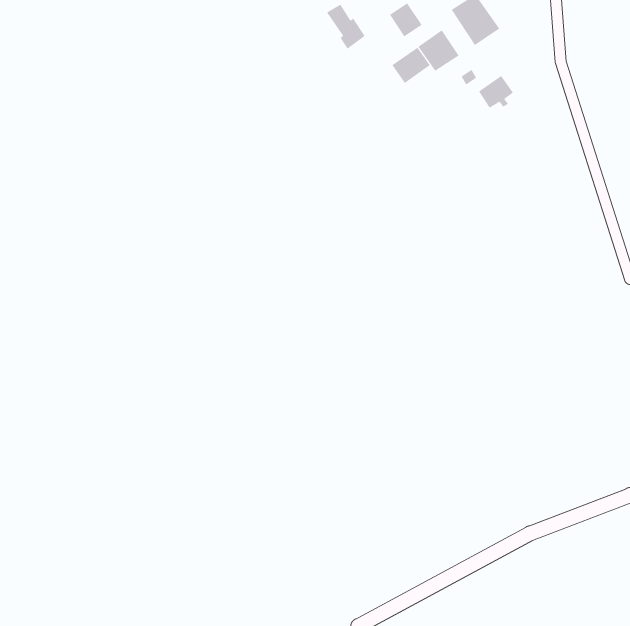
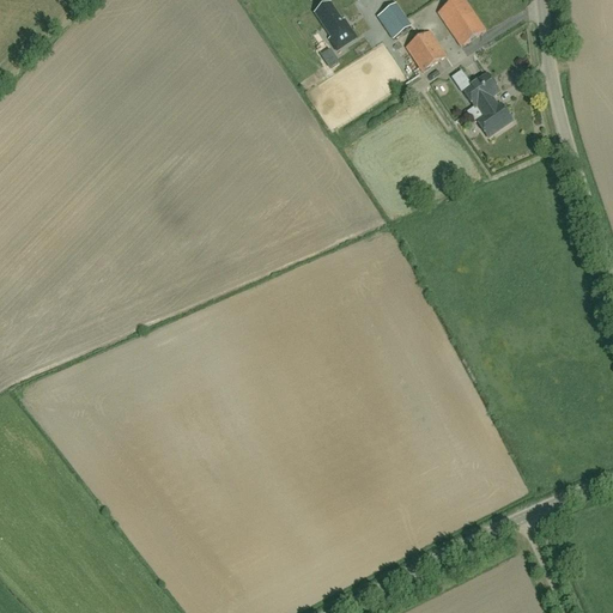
building: [391,47,431,84] -> none
building: none -> [474,99,510,134]

